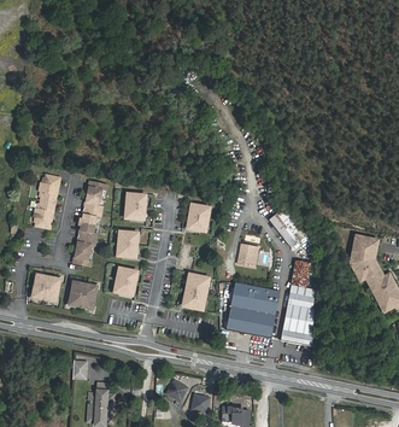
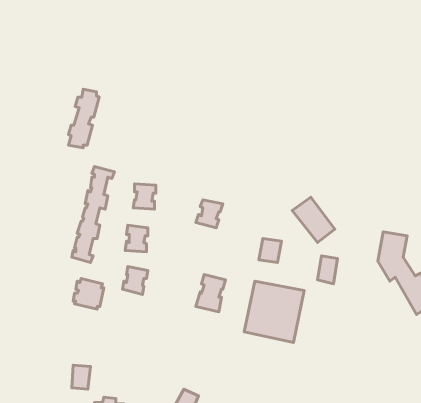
building: [33,171,60,224] -> [69,89,99,148]
building: [35,273,63,299] -> none
building: [281,292,315,345] -> none

